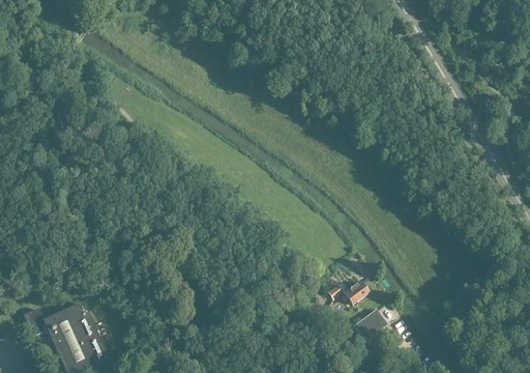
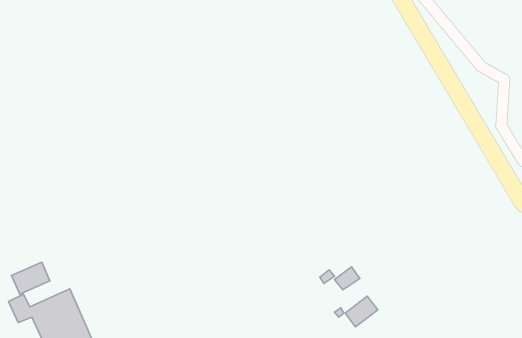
building: none -> [12,262,50,294]

